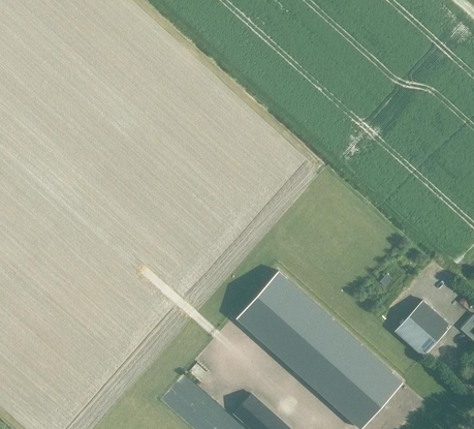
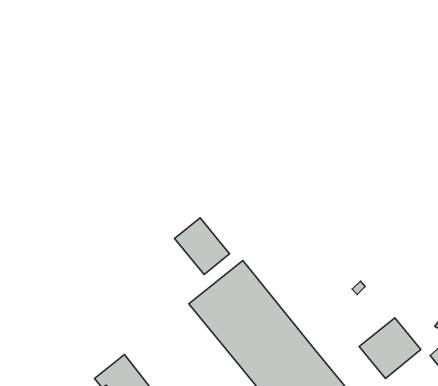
building: none -> [175,218,230,274]

